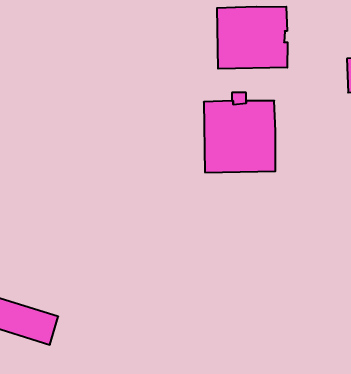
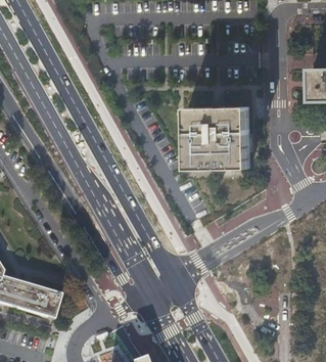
building: [217,7,288,69] -> none

